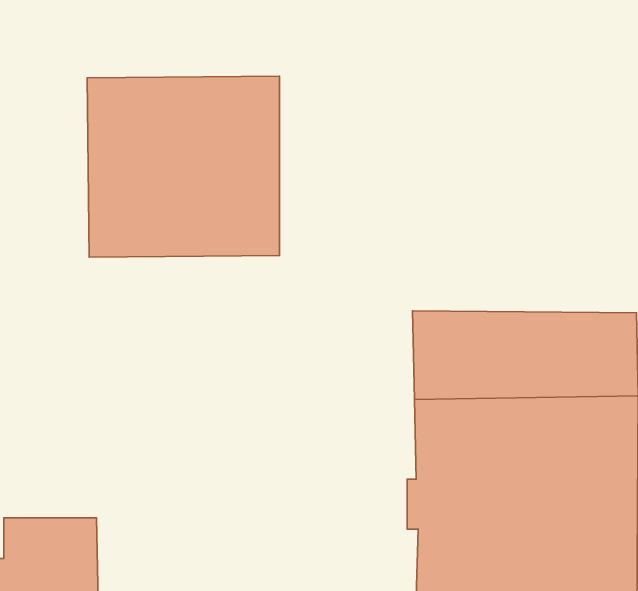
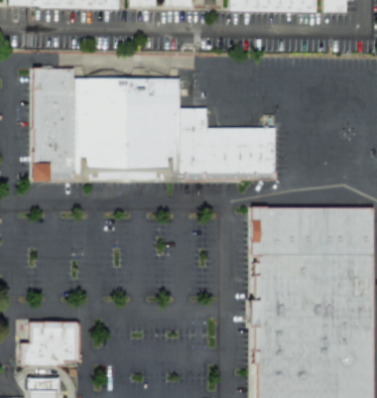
building: none -> [32,69,75,179]
building: none -> [178,108,277,178]

